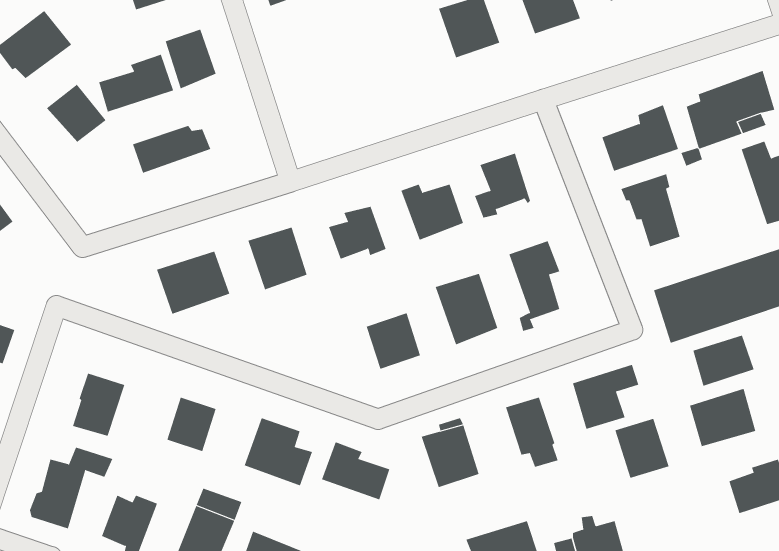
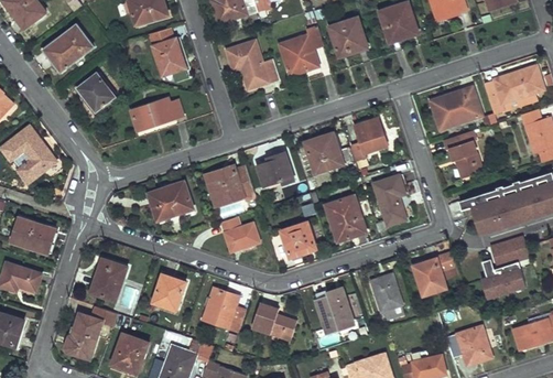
building: none -> [279,26,323,75]
building: none -> [225,40,279,88]
building: [98,54,174,112] -> none
building: none -> [220,216,259,251]
building: [614,418,669,478] -> [456,325,491,364]

